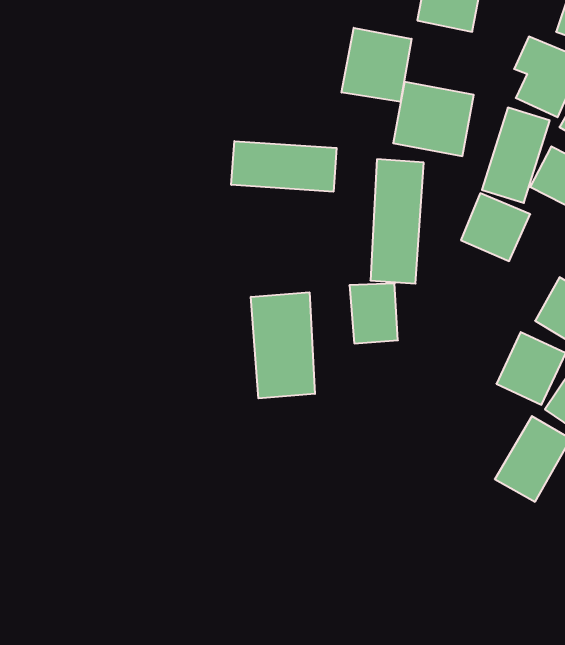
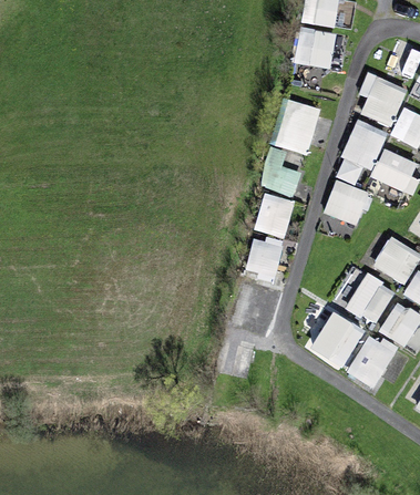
building: [342,28,412,102] -> none
building: [231,141,337,192] -> none
building: [251,292,315,398] -> none
building: none -> [310,312,363,365]

